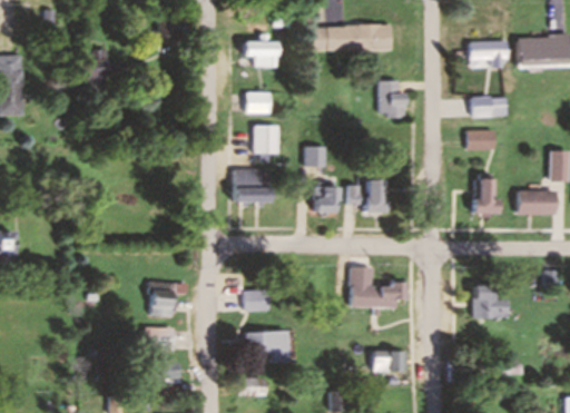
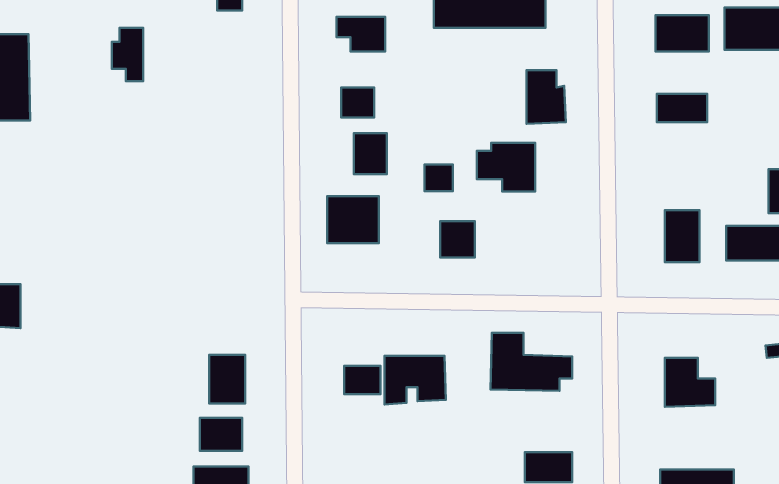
building: [466,129,494,149] -> none
building: [347,179,389,214] -> [477,143,535,192]
building: [249,331,293,365] -> [385,356,446,404]

